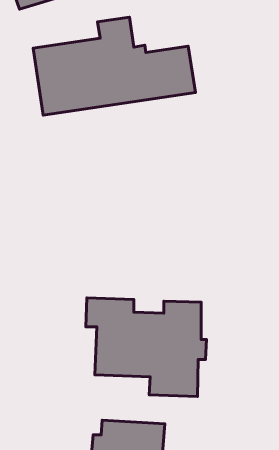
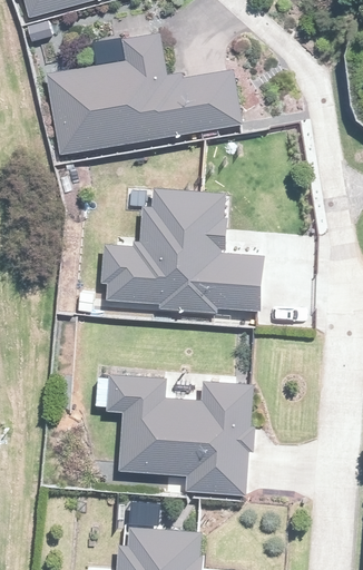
building: none -> [100,191,264,313]

